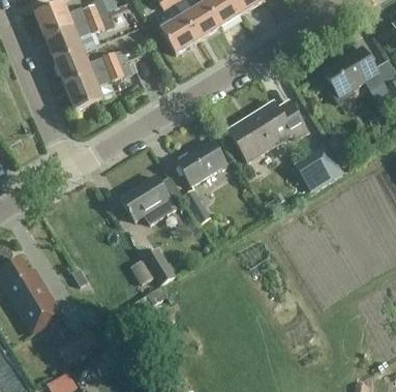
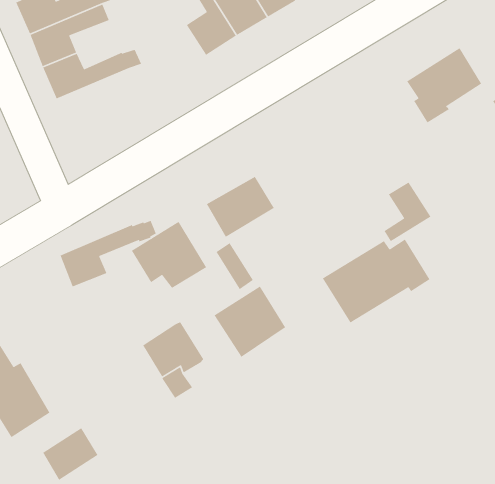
building: [66,59,138,109] -> [59,220,157,288]
building: [229,100,308,162] -> [322,239,431,323]
building: none -> [214,286,286,358]

